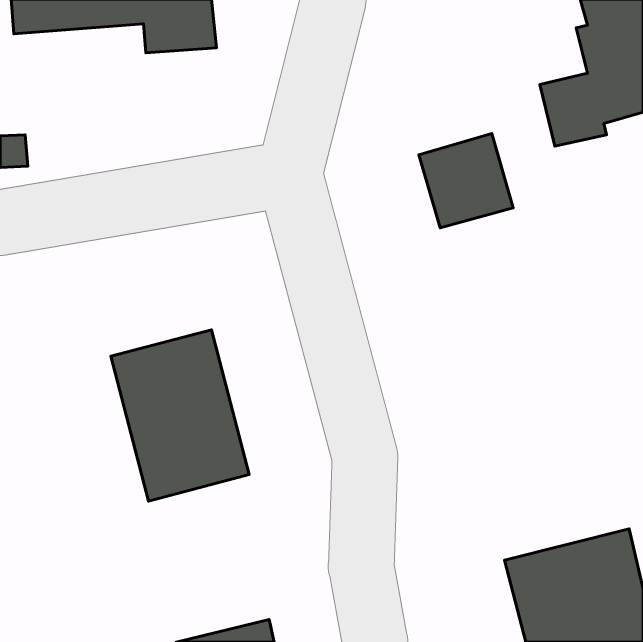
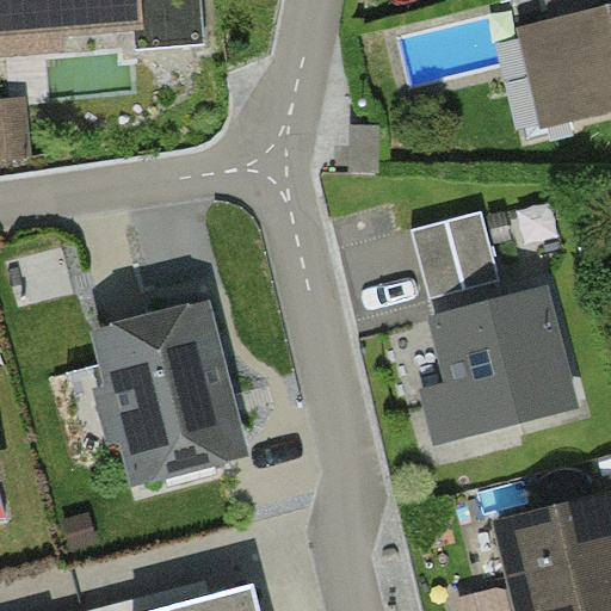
building: [419,133,513,228] -> [412,211,501,301]
building: none -> [430,291,576,442]

